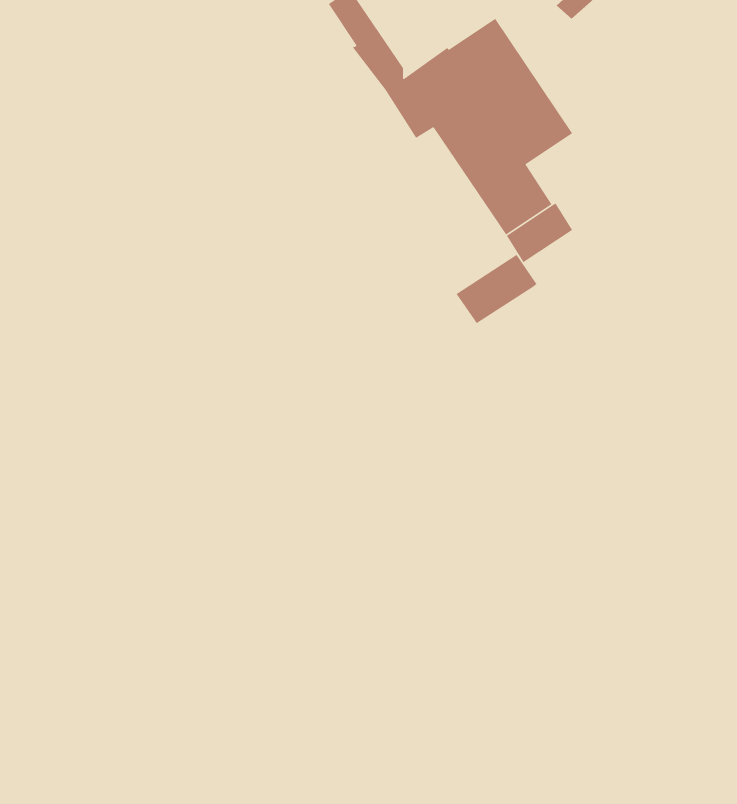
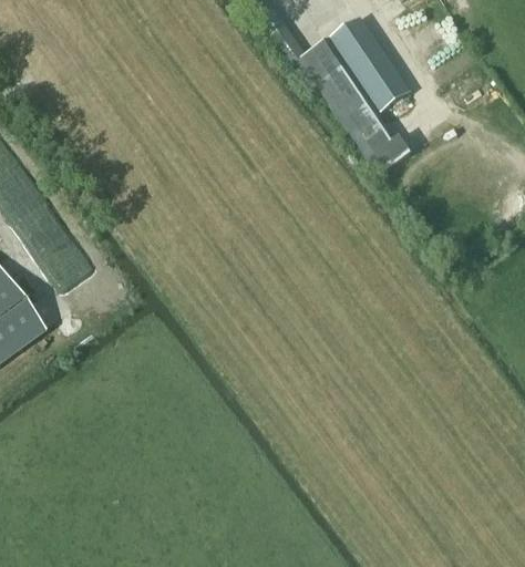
building: [456,254,538,324] -> none

